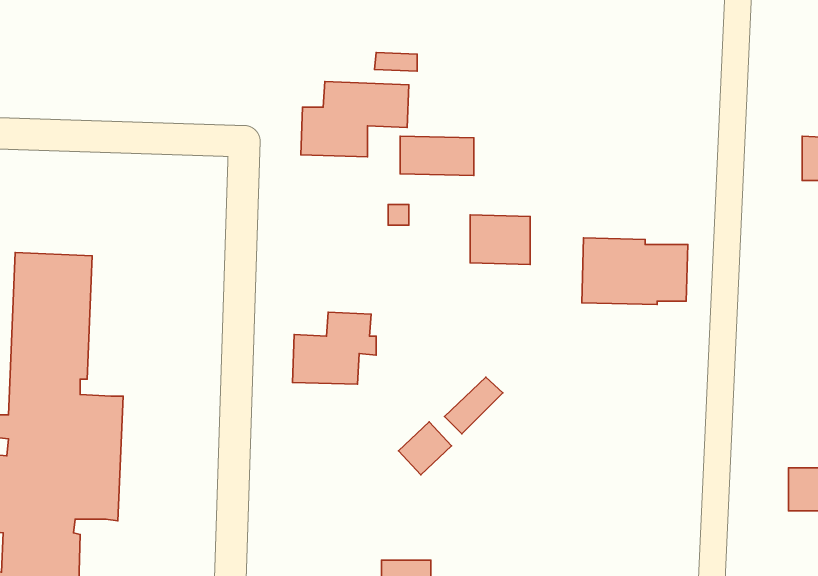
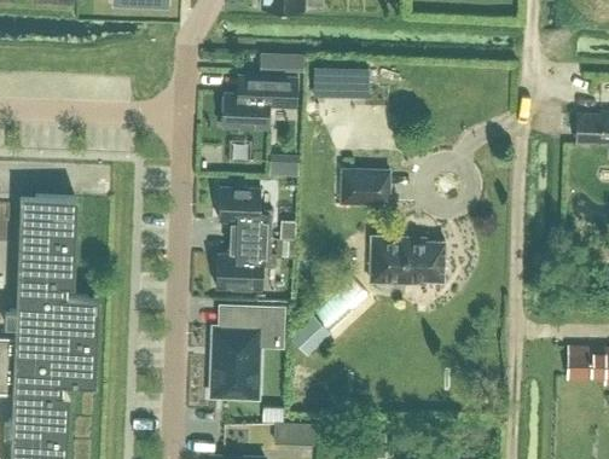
building: [400,136,474,176] -> [314,70,366,98]
building: [582,238,688,304] -> [370,238,445,285]
building: none -> [219,188,273,240]
building: none -> [213,307,286,399]

